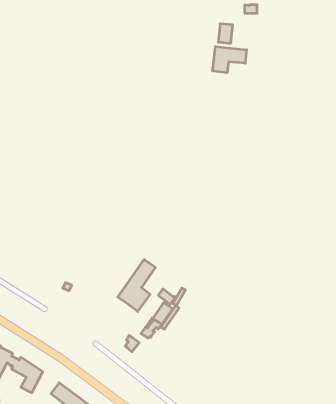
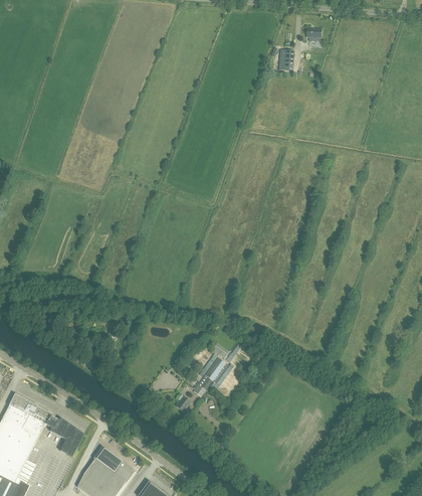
building: [213,47,247,73] -> none
building: [118,259,155,312] -> none

